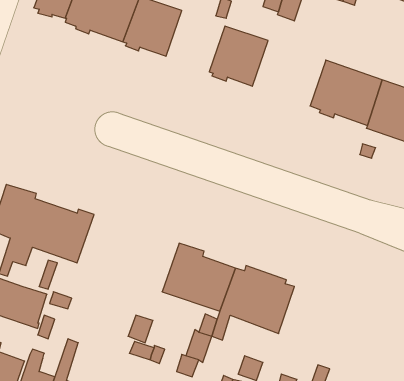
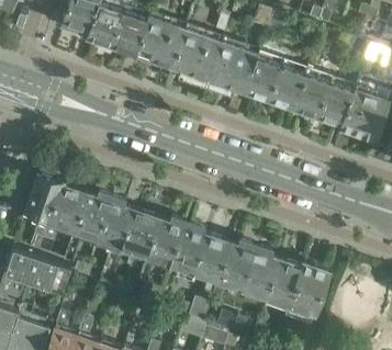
building: none -> [172,26,222,78]
building: none -> [245,52,306,106]
building: none -> [98,197,183,282]
building: none -> [267,258,328,321]

